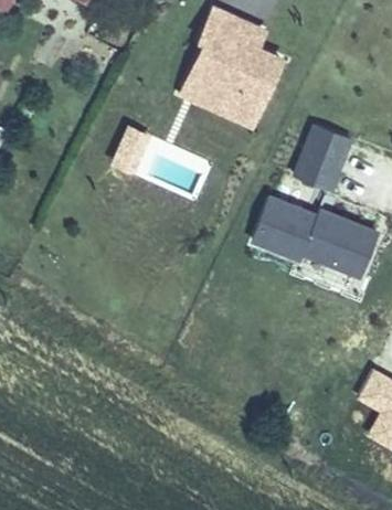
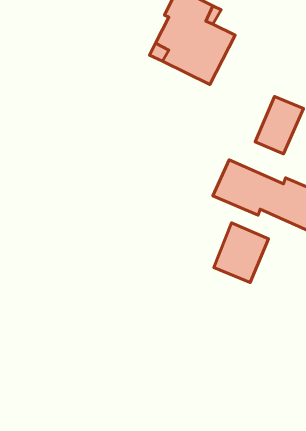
building: none -> [214,223,269,283]

